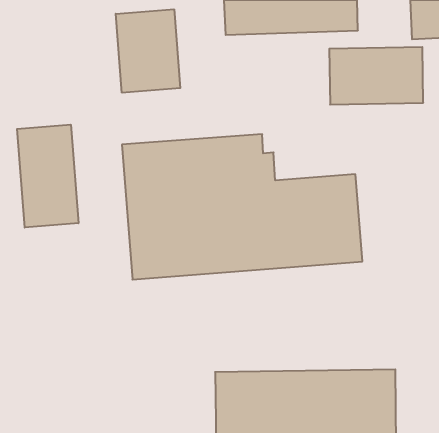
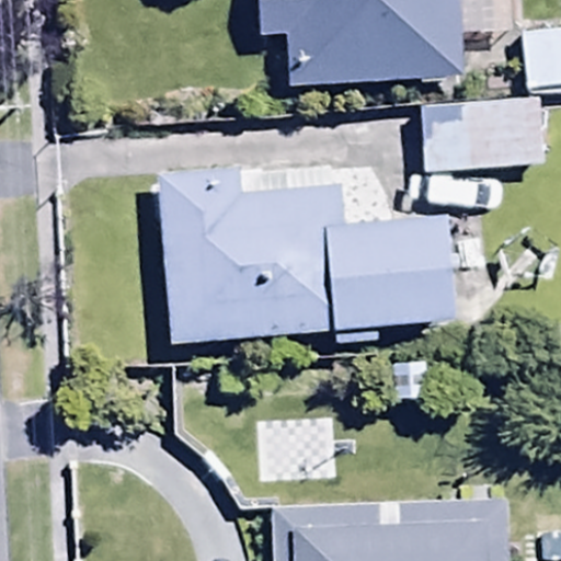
building: [116,9,180,93] -> none
building: [17,125,78,228] -> none

